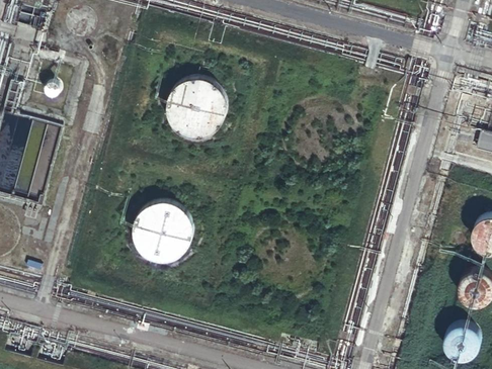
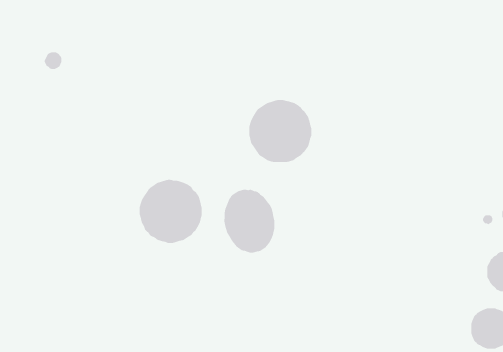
building: [167,78,227,137] -> [248,99,312,163]
building: none -> [224,189,275,253]

